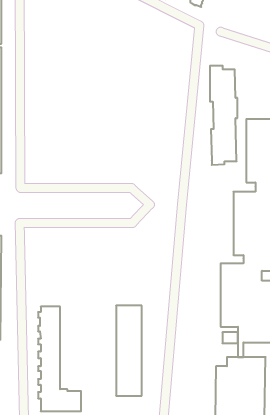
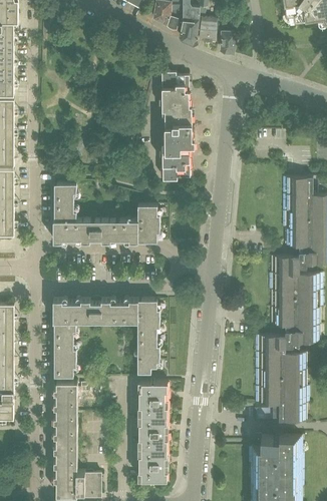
building: [210,66,237,165] -> [161,72,192,180]
building: none -> [53,183,160,241]
building: none -> [54,299,160,376]

